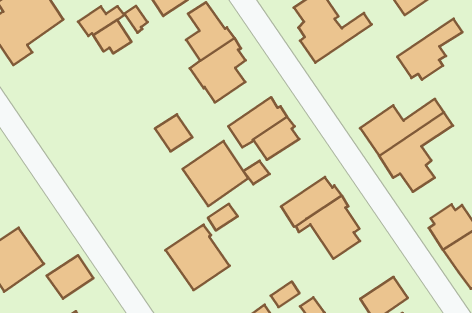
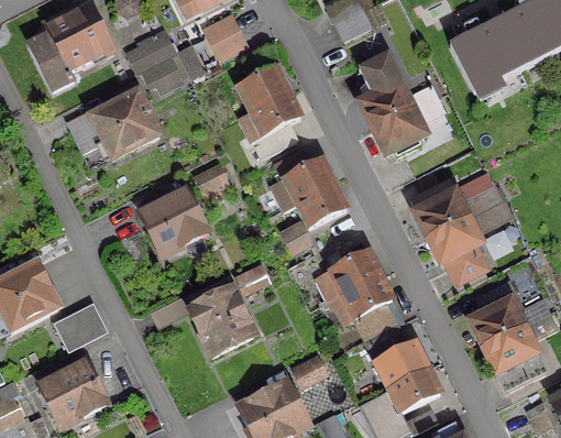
building: [397,19,462,80] -> [373,95,446,155]
building: none -> [65,90,158,168]
building: [183,141,248,206] -> [139,187,207,254]
building: none -> [365,324,427,385]

